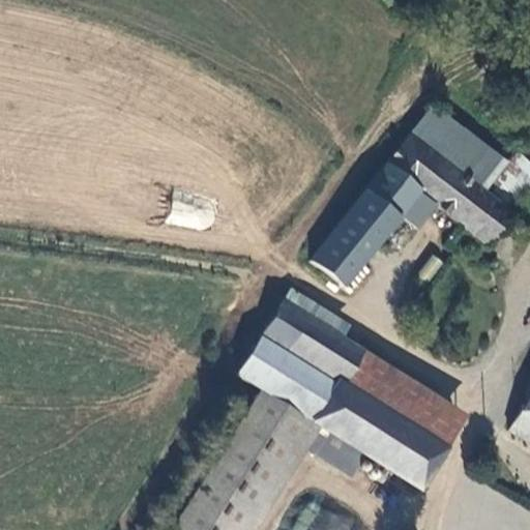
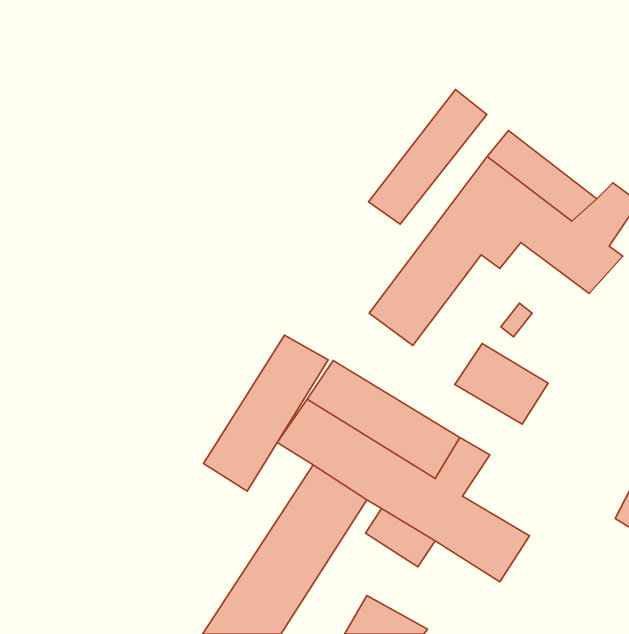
building: none -> [368,90,487,224]
building: none -> [203,335,328,491]
building: [390,379,468,446] -> [455,343,548,424]

